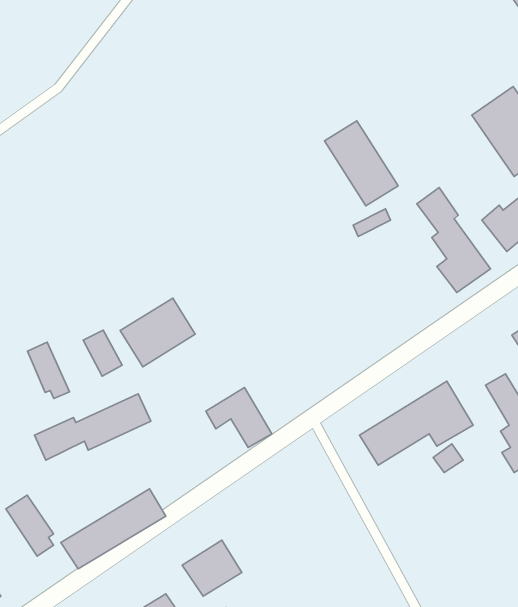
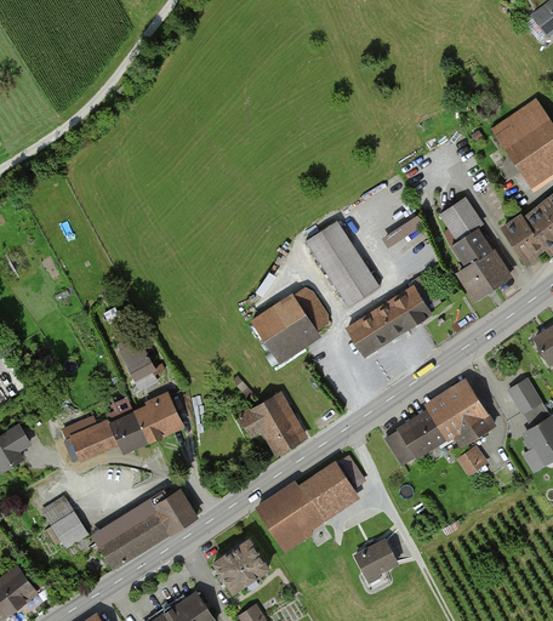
building: [325,121,398,206] -> [306,222,377,304]
building: none -> [346,286,432,357]
building: [120,298,195,367] -> [255,289,327,355]
building: [27,342,69,398] -> none
building: none -> [253,461,359,553]
building: none -> [353,540,397,579]

